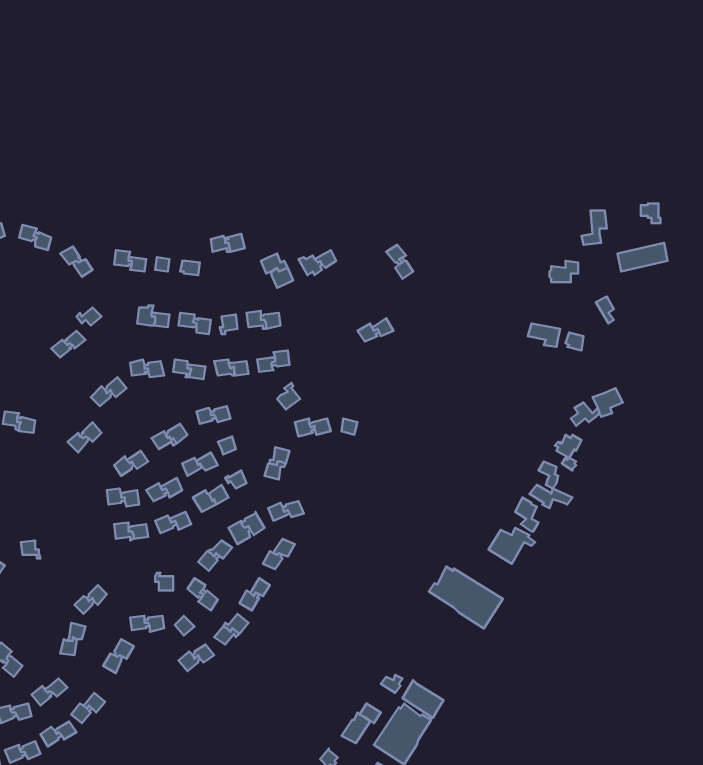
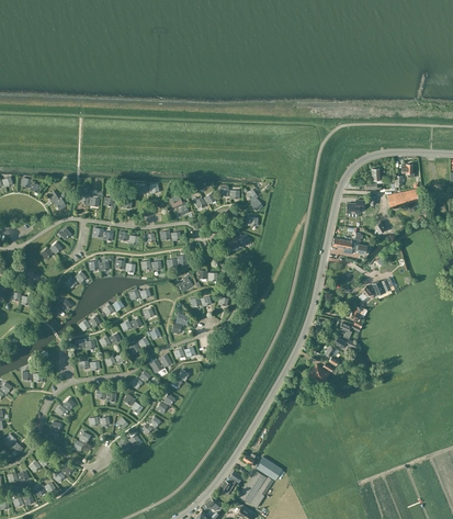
building: [429,566,503,629] -> none

